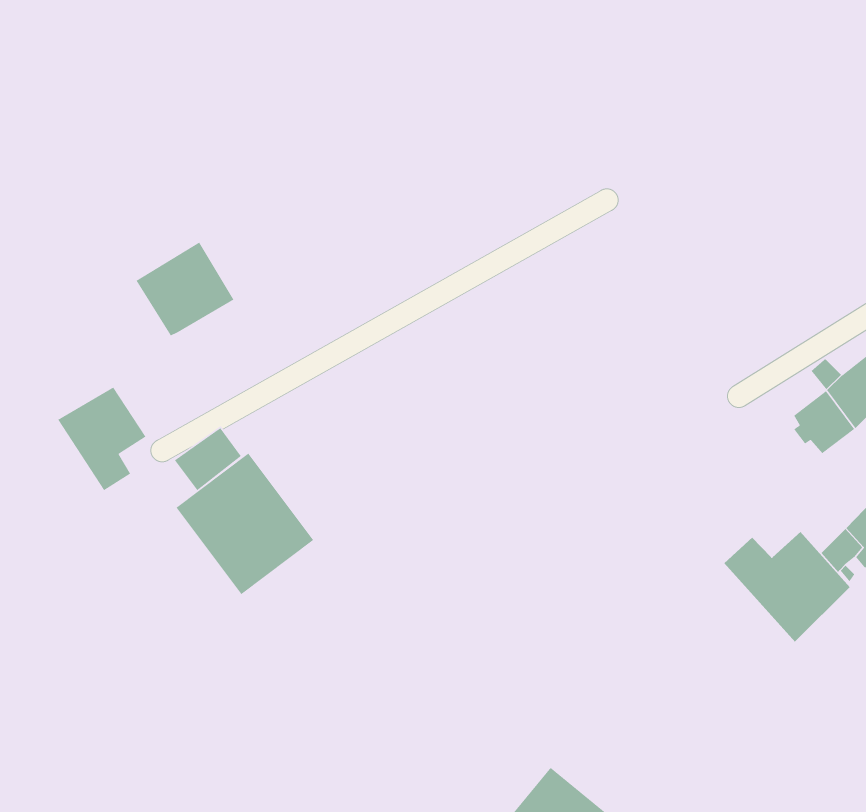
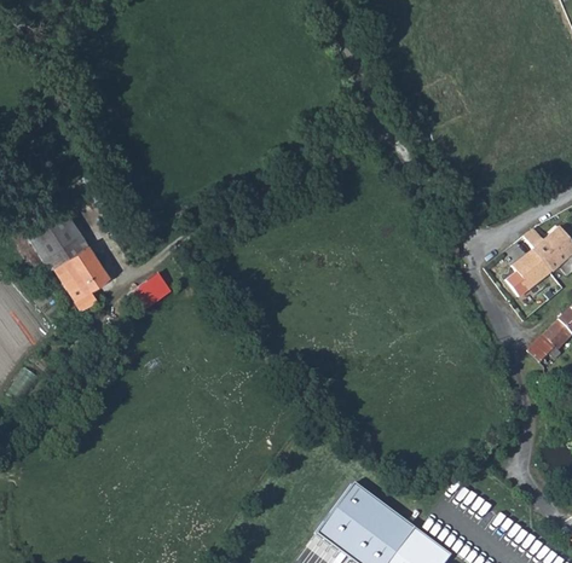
building: [136,242,235,337] -> [27,210,88,269]
building: [175,453,314,595] -> none
building: [723,531,851,642] -> none

